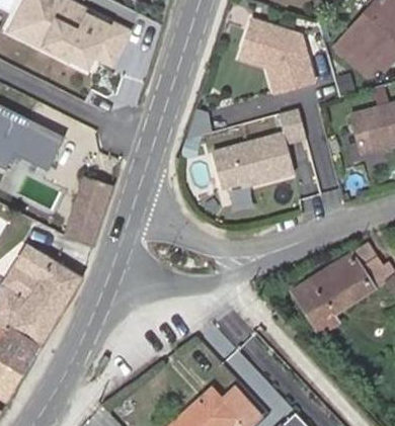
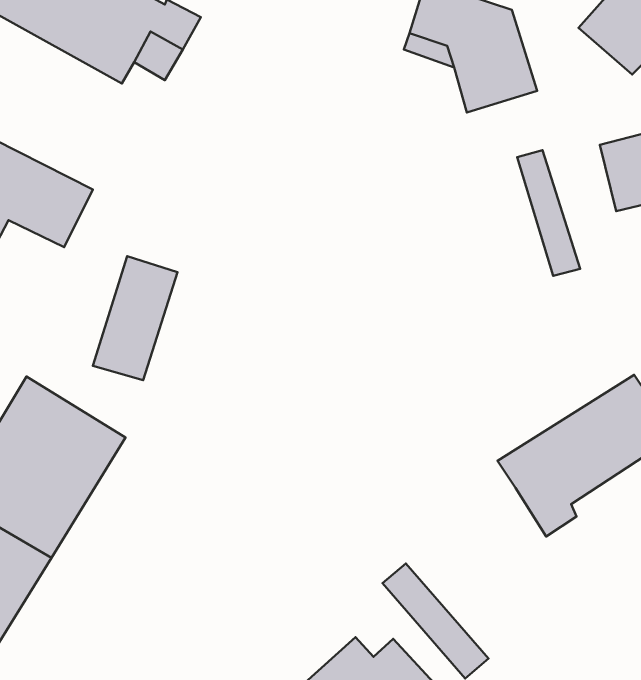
building: [212,109,305,188] -> none

